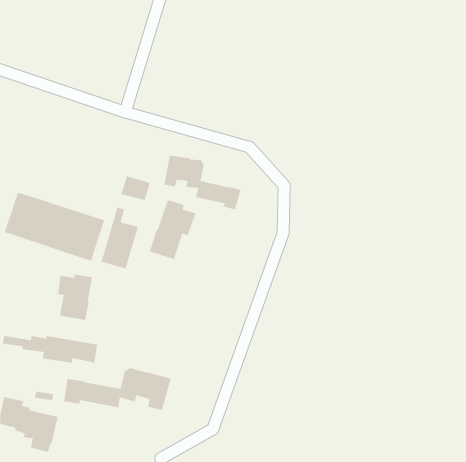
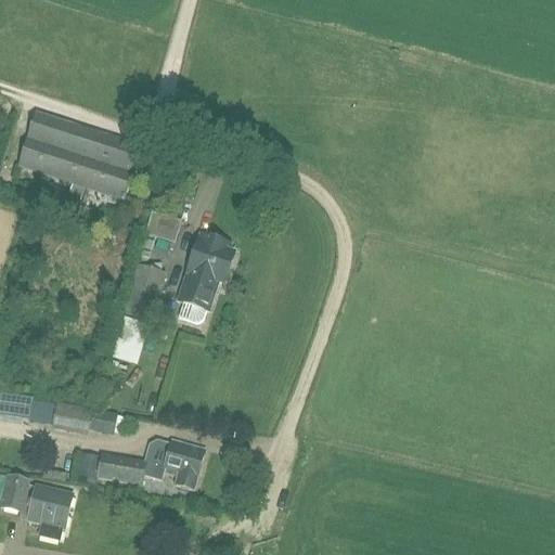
building: [164,155,242,210] -> none
building: [4,191,105,262] -> [18,114,139,197]
building: [57,274,93,321] -> none

